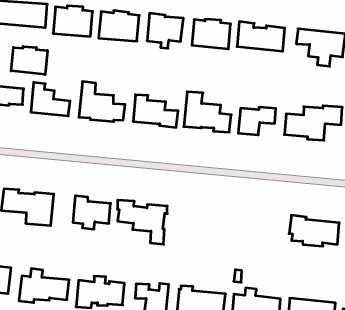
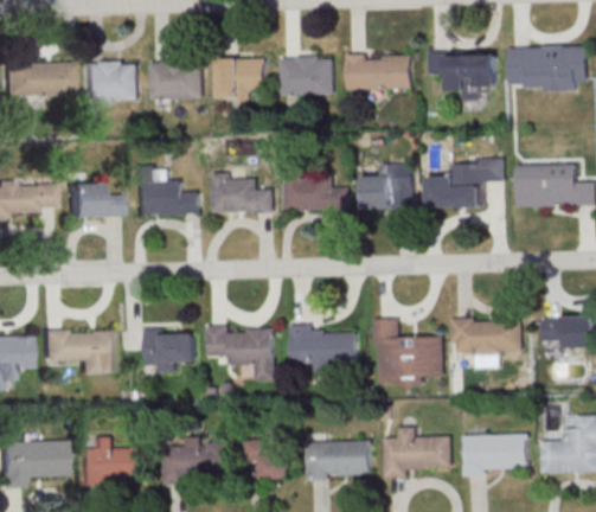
building: [11,46,47,75] -> none
building: none -> [288,324,357,372]
building: none -> [372,318,443,386]

